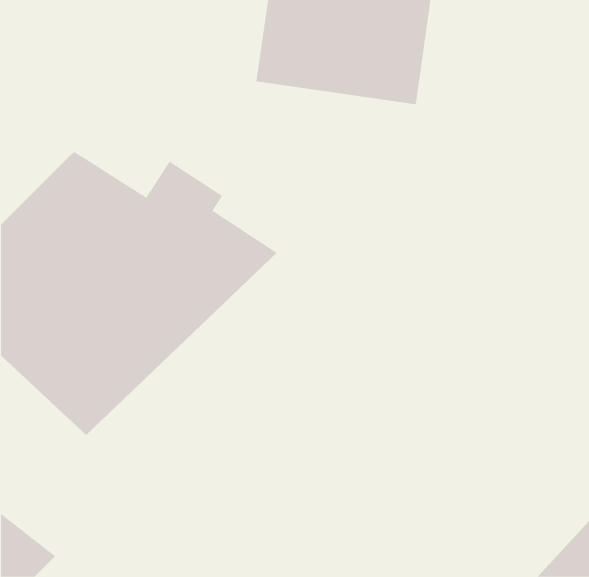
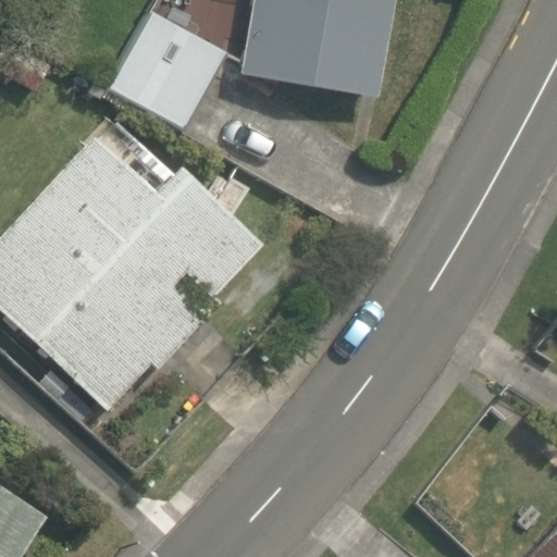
building: none -> [110,23,219,132]

